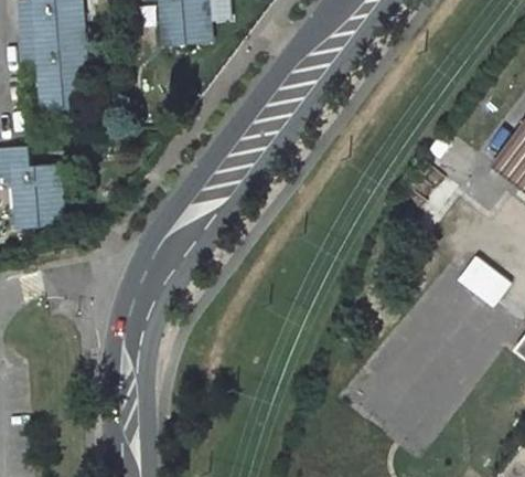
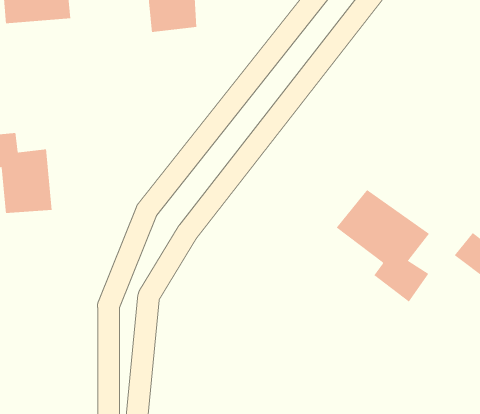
building: [18,31,88,113] -> none
building: none -> [336,189,430,302]

